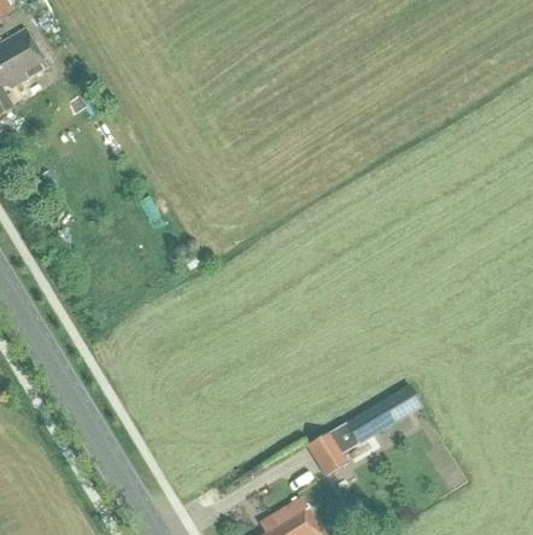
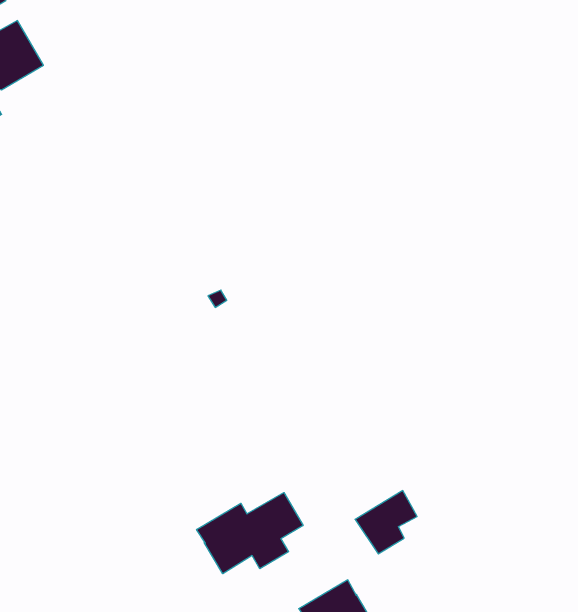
building: [346,383,422,445] -> none
building: none -> [197,493,303,574]

